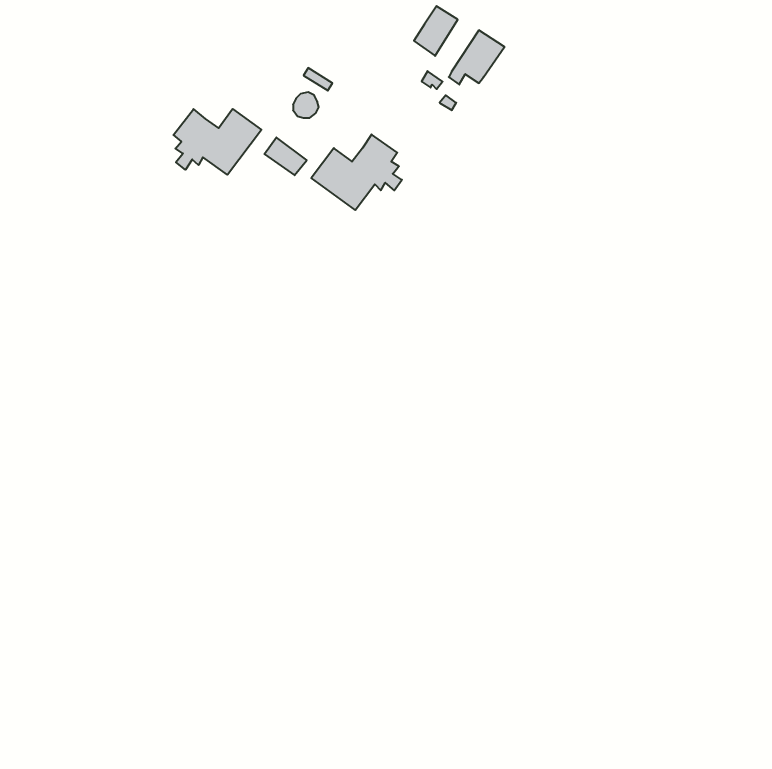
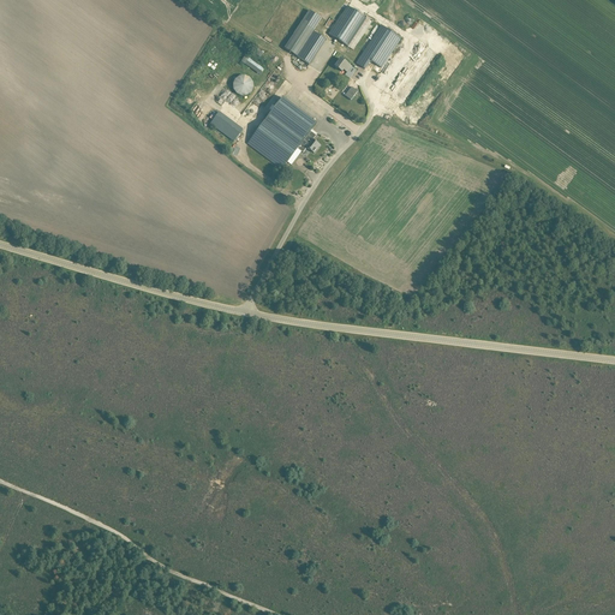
building: none -> [285,8,326,62]
building: [173,109,261,175] -> none

